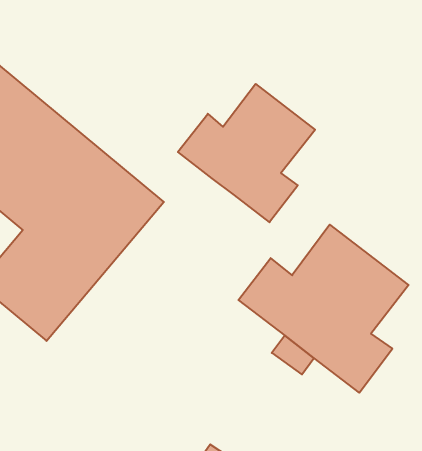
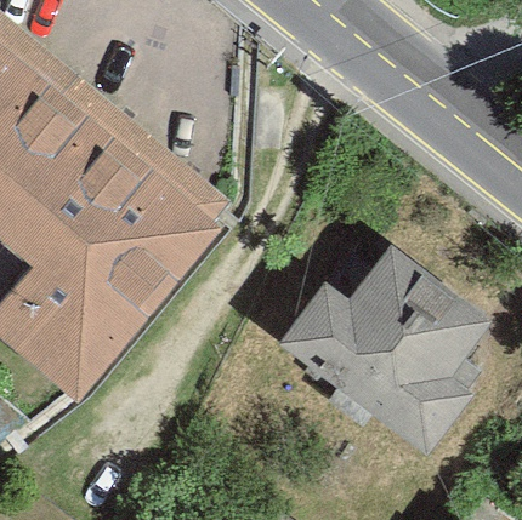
building: [178,84,315,222] -> none

